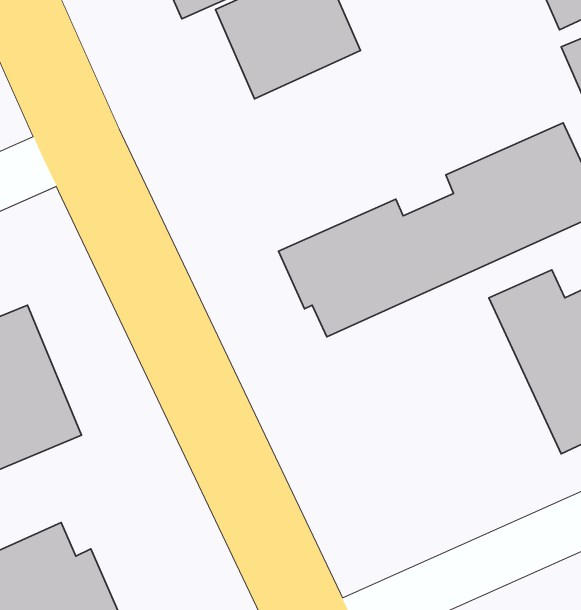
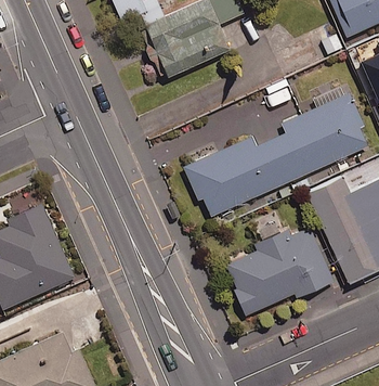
building: none -> [226,228,335,317]

